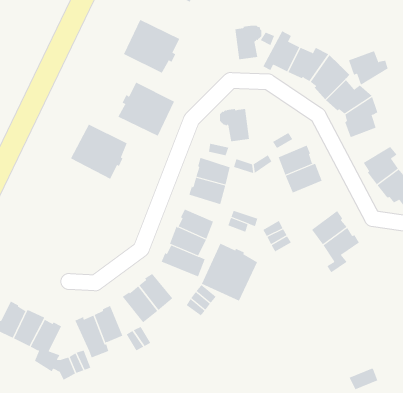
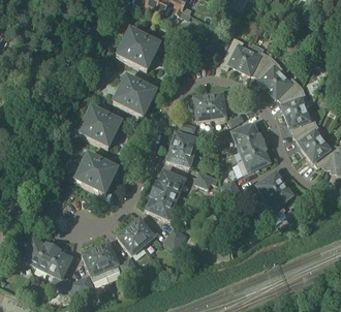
building: [234,25,262,60] -> [208,92,228,118]
building: [348,50,388,85] -> [285,110,315,135]
building: none -> [237,149,270,174]
building: none -> [74,153,117,194]
building: [201,243,258,301] -> none

